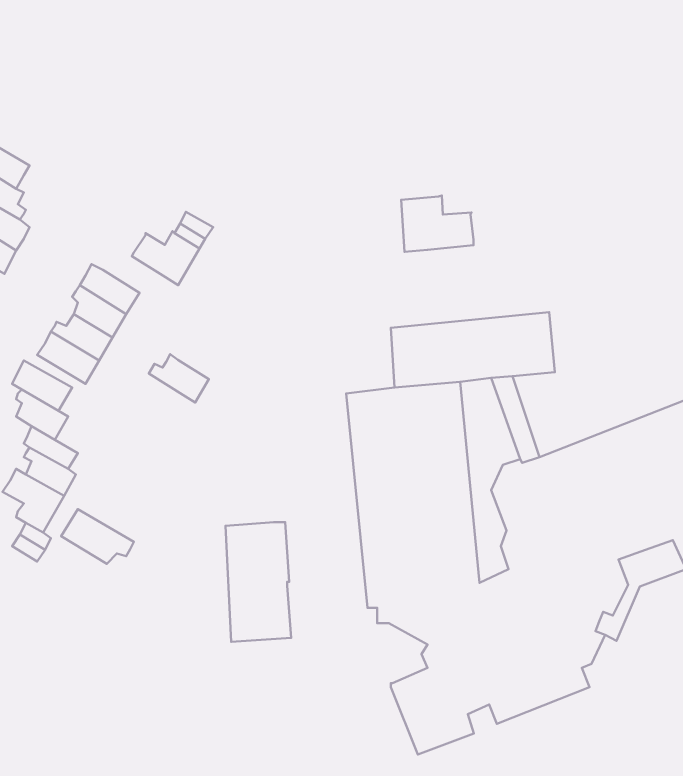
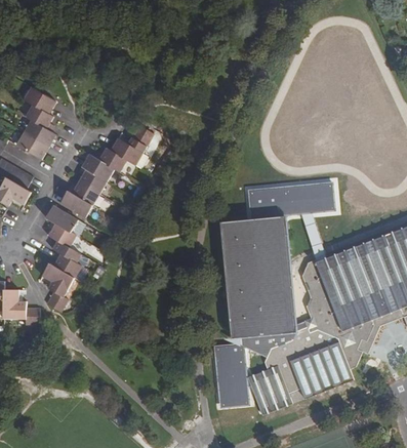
building: [401,196,474,252] -> none
building: [149,354,209,402] -> [94,147,126,172]
building: [61,509,134,564] -> none
building: [225,522,291,642] -> [214,344,249,408]

